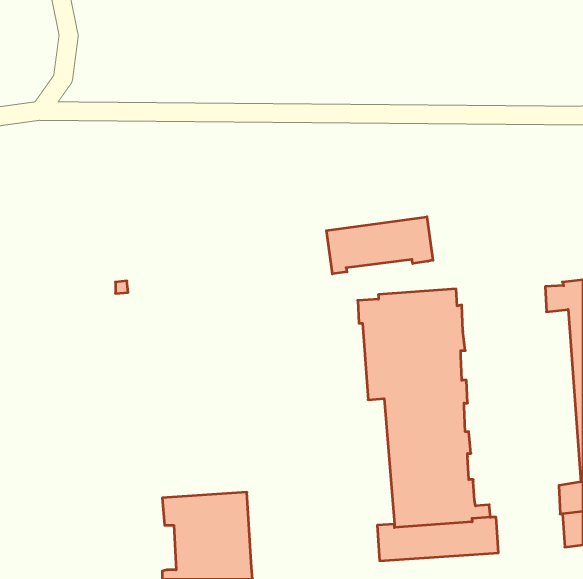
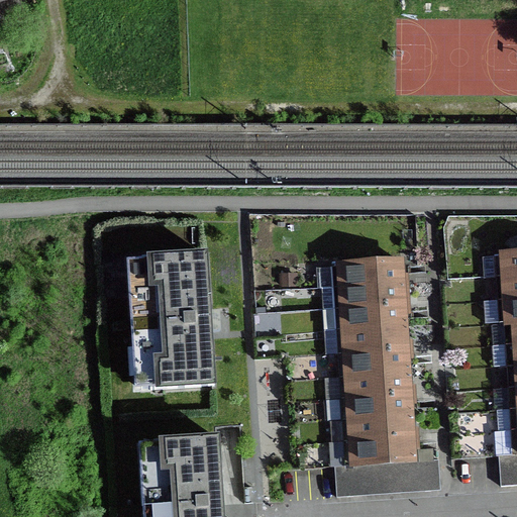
building: [326,217,433,274] -> none
building: none -> [130,252,214,387]

